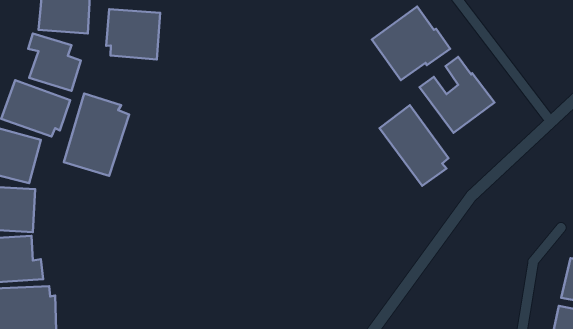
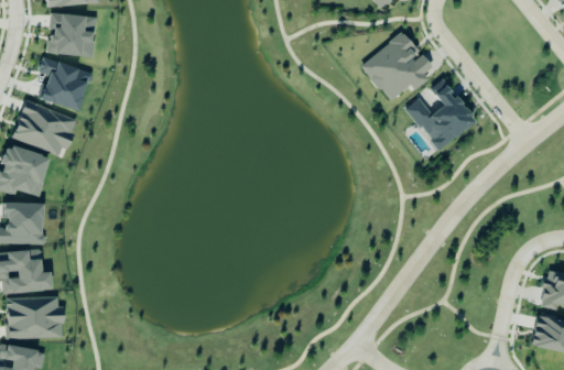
building: [106,9,160,60] -> none
building: [64,94,129,176] -> none
building: [379,105,448,186] -> none

